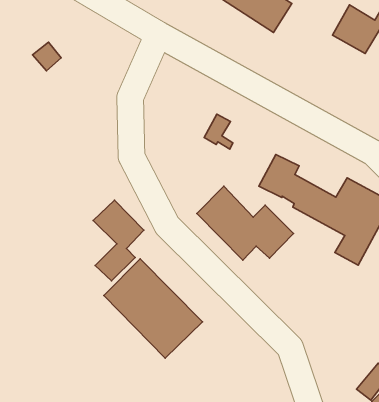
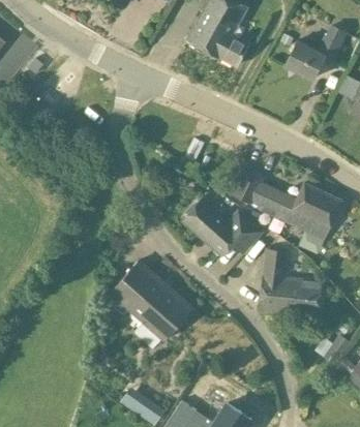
building: [93,200,144,281] -> none
building: none -> [260,249,321,315]

